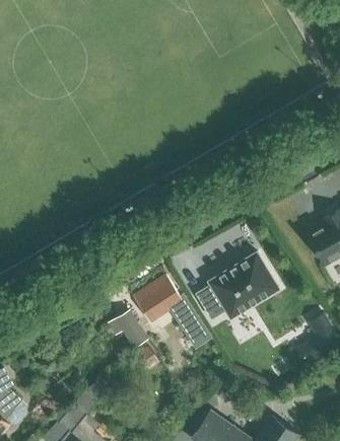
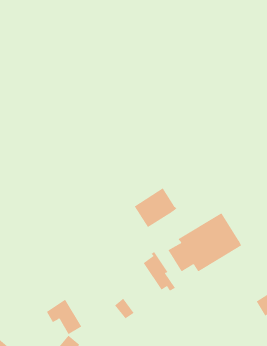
building: [133,276,181,320] -> [134,187,177,228]
building: [109,308,148,348] -> [46,299,82,335]

